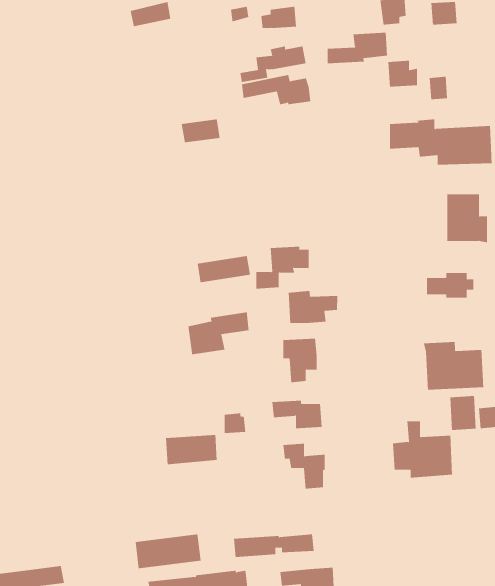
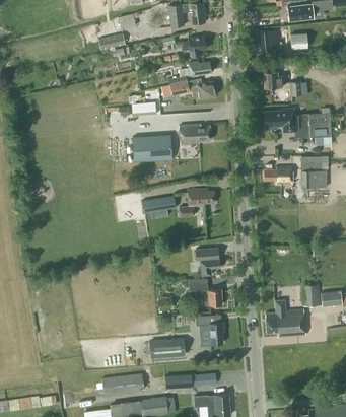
building: [327,32,387,64] -> none
building: none -> [179,124,210,144]
building: none -> [135,132,175,158]
building: [426,273,474,298] -> [264,166,294,183]
building: [288,290,338,324] -> none
building: [188,311,249,355] -> none
building: [423,341,484,391] -> none
building: [165,435,218,465] -> [150,338,184,357]

